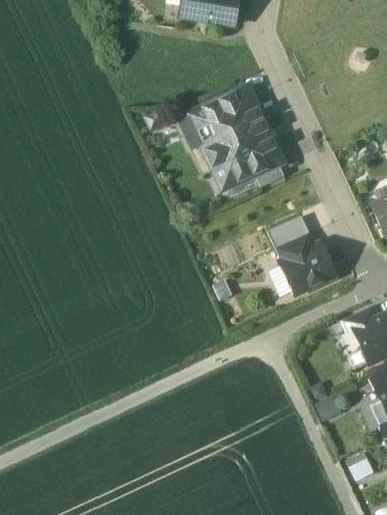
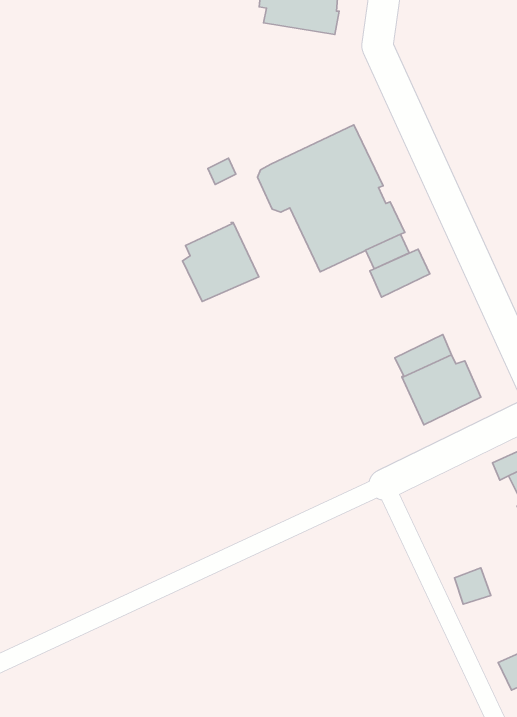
building: none -> [182,222,259,301]
building: [268,215,310,248] -> [370,249,430,297]

